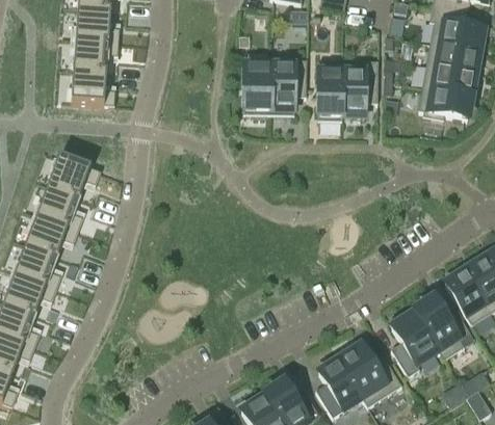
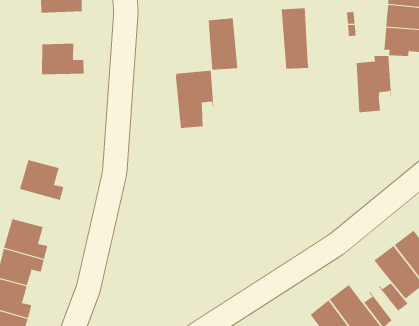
building: [73,39,118,73] -> none
building: [269,58,307,114] -> [175,70,214,129]
building: [341,59,377,115] -> [356,56,392,113]
building: [48,156,100,197] -> none
building: [26,215,77,256] -> none

